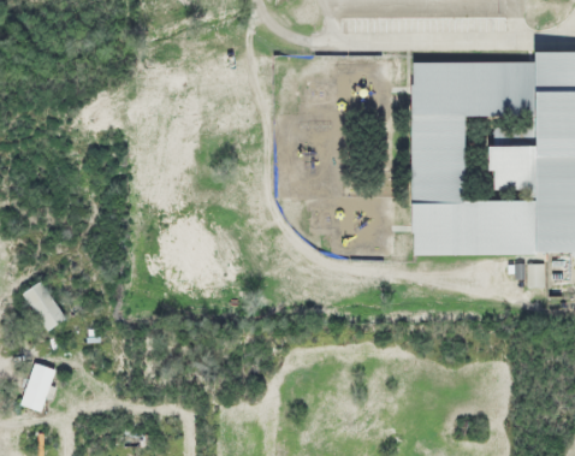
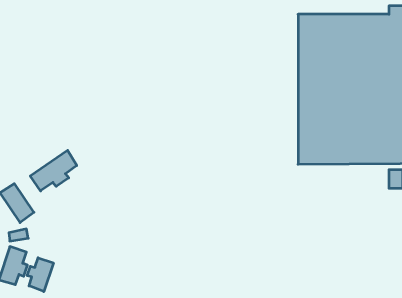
building: none -> [30,150,77,191]
building: none -> [27,258,53,292]

